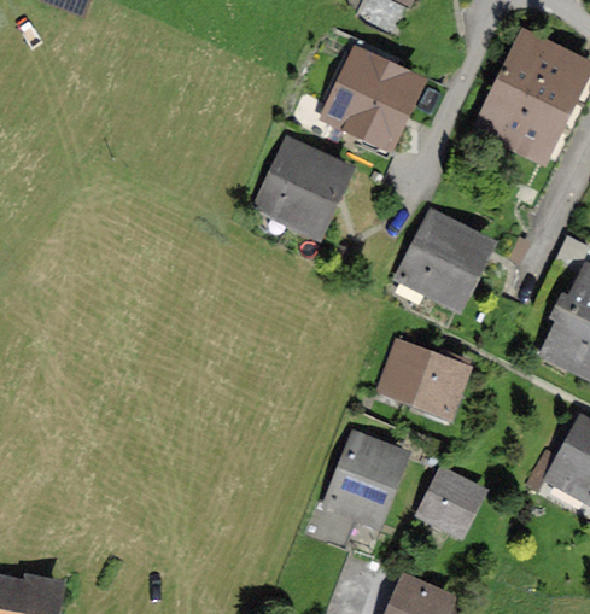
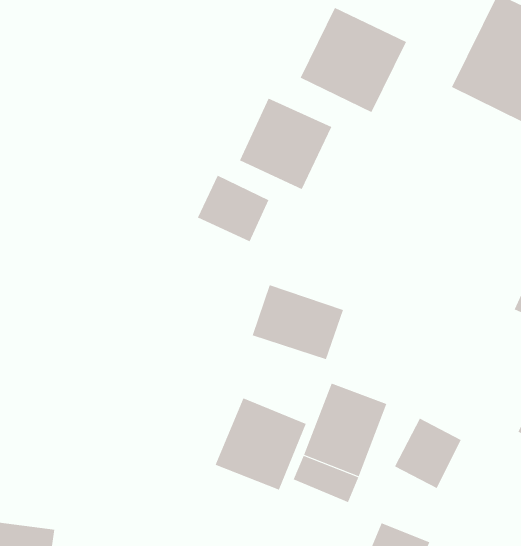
building: [396,210,496,311] -> none
building: none -> [197,175,269,242]
building: [375,339,471,417] -> [252,284,344,360]
building: none -> [215,398,306,490]

